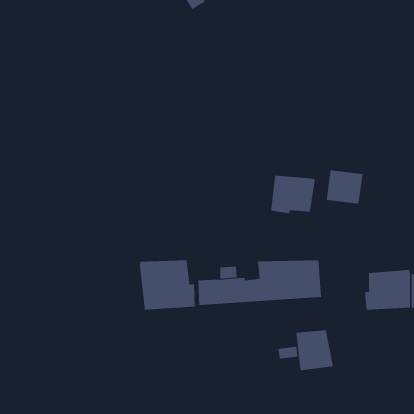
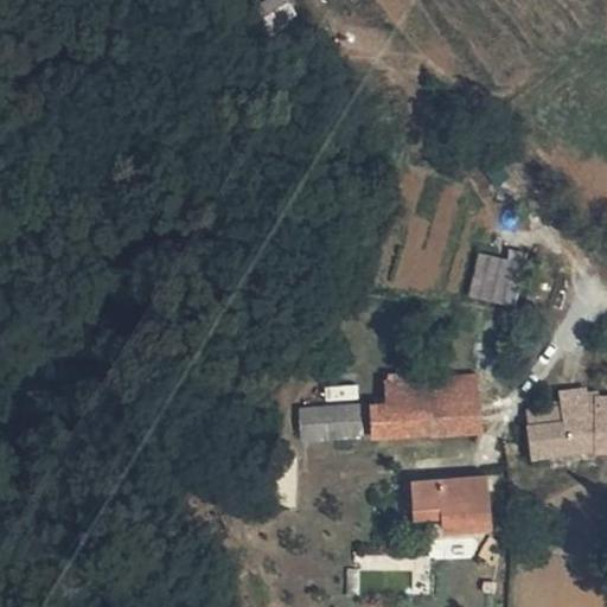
building: [270,175,315,214] -> none
building: [140,259,195,310] -> none

